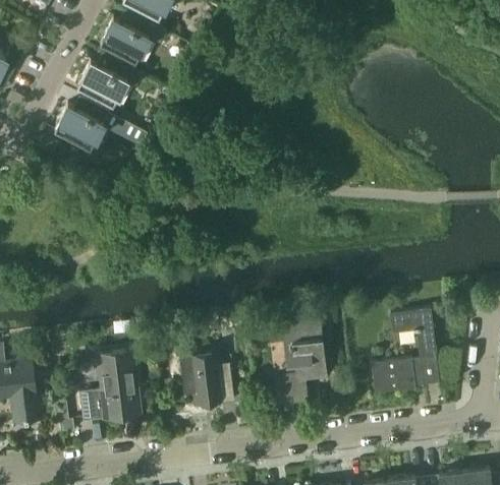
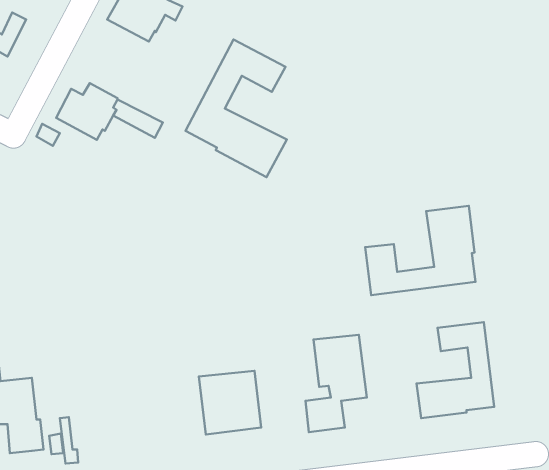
building: [76,57,142,107] -> none
building: none -> [185,39,287,177]
building: none -> [365,206,475,295]
building: [80,351,141,423] -> none

